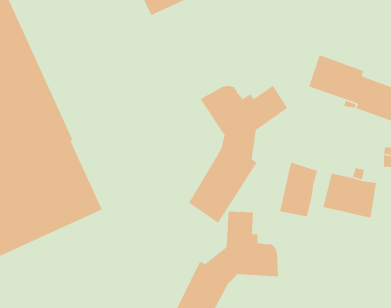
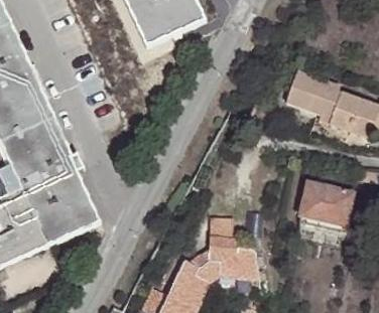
building: [188,85,288,224] -> none
building: [279,162,318,217] -> none

